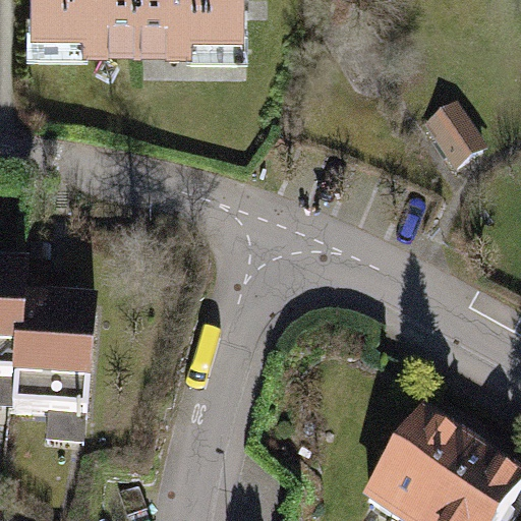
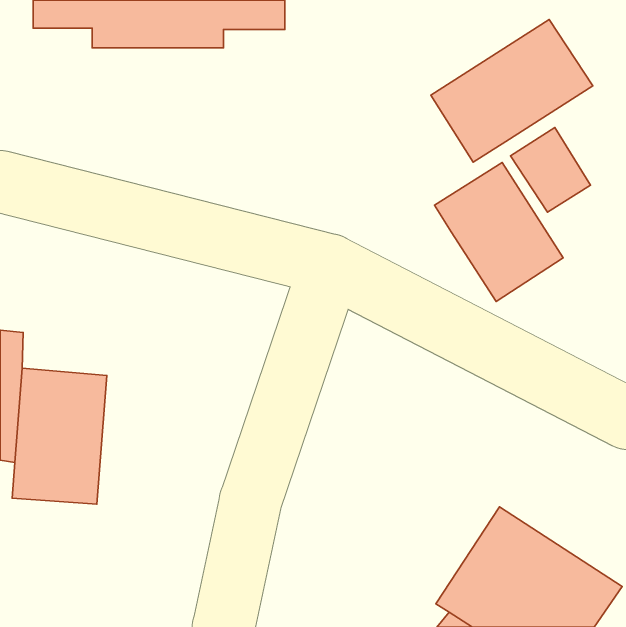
building: none -> [431,19,593,162]
building: none -> [435,162,563,302]

